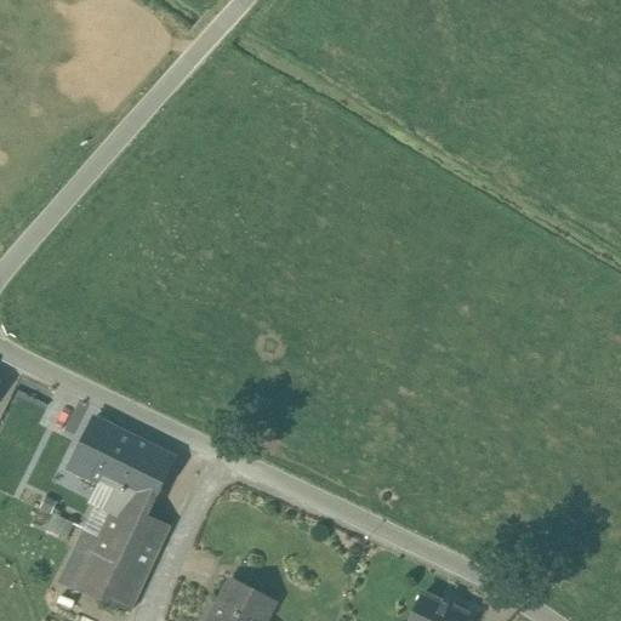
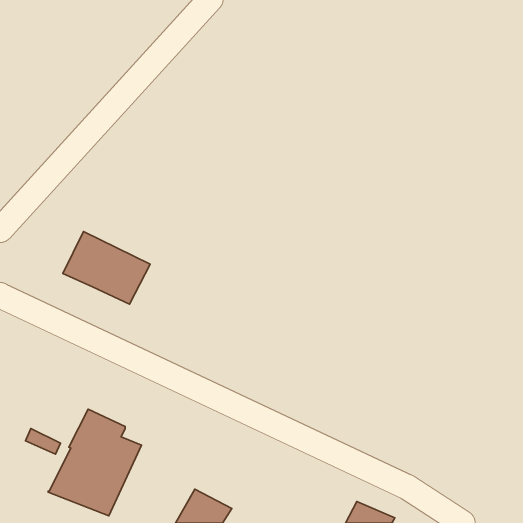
building: [70,418,173,505] -> [63,231,150,304]

